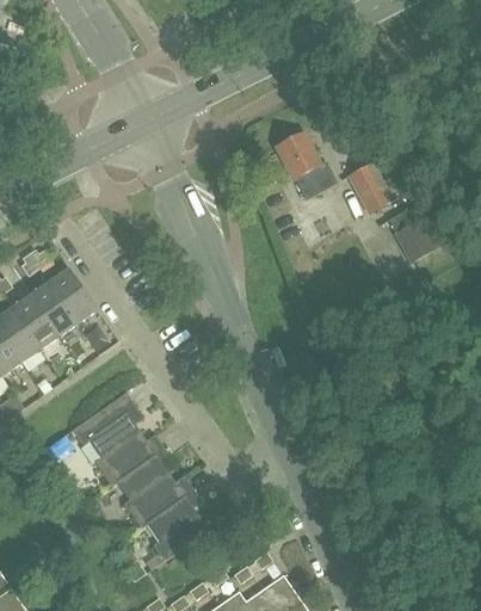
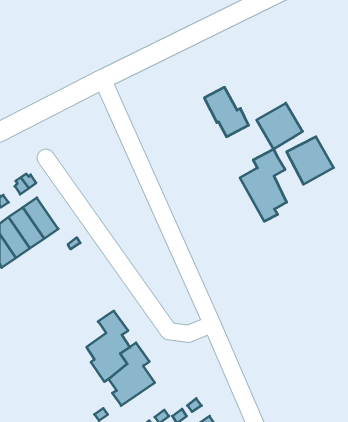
building: none -> [240,149,287,221]
building: [50,269,97,323] -> none
building: [72,393,144,488] -> none

